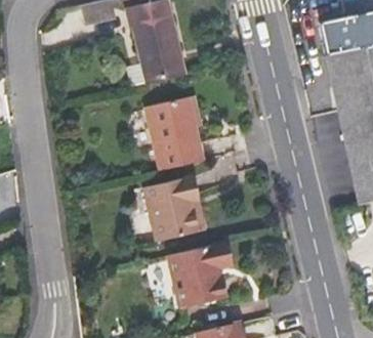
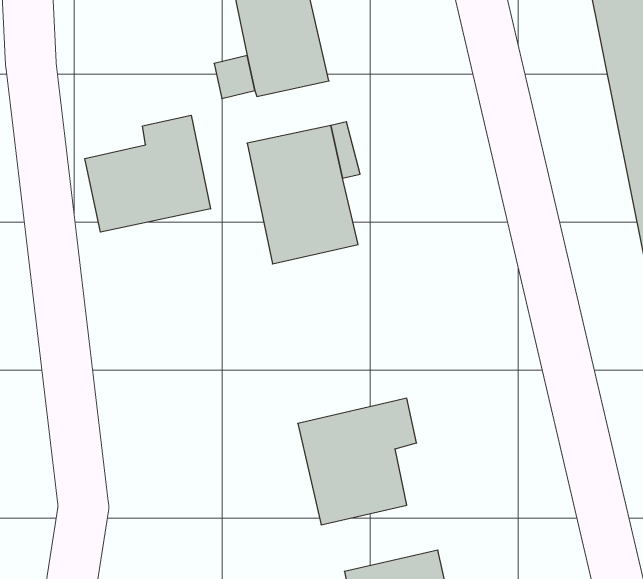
building: none -> [85,115,211,232]
building: [144,178,203,239] -> none

